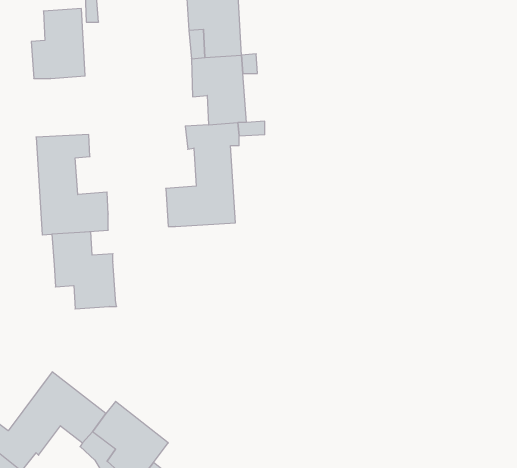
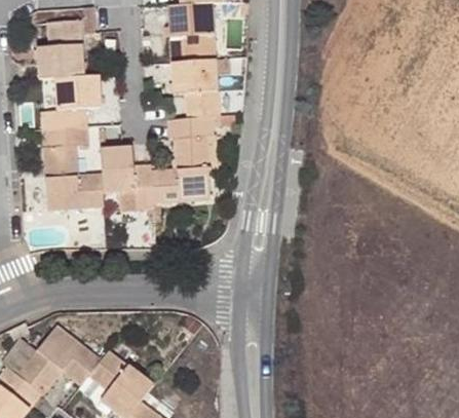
building: none -> [42,75,101,127]
building: [52,232,117,309] -> [100,146,154,211]

